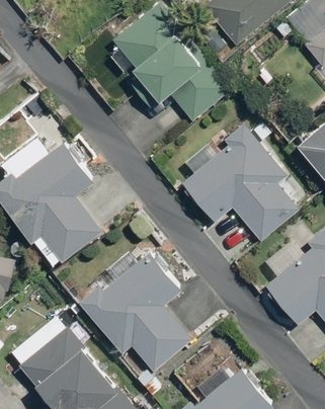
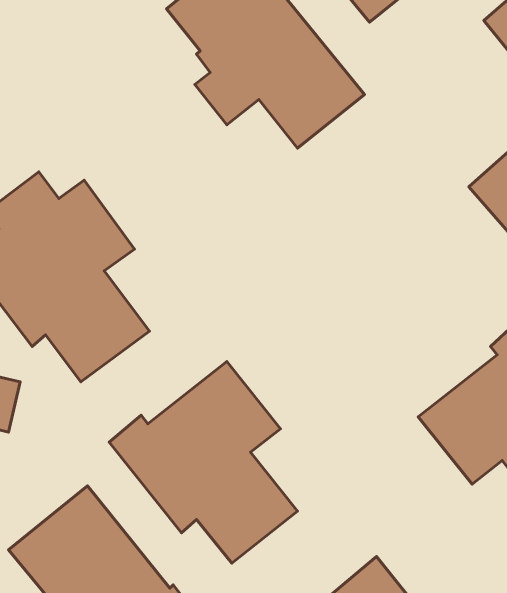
building: [181,124,298,243] -> none

